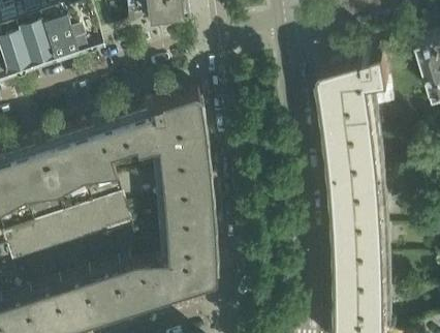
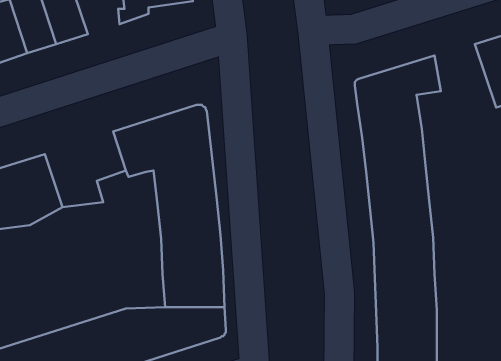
building: [65,120,131,182] -> none

